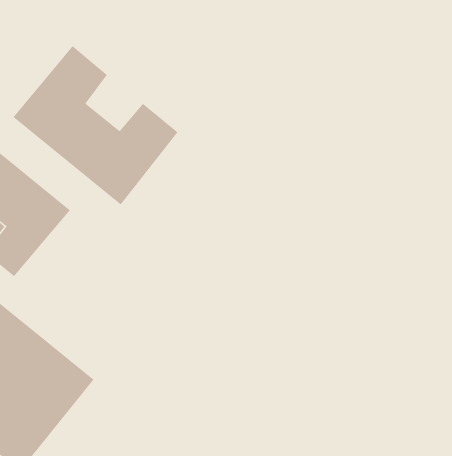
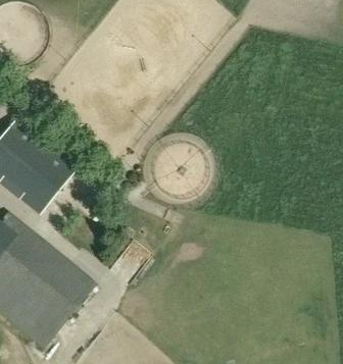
building: [13,45,179,206] -> none

